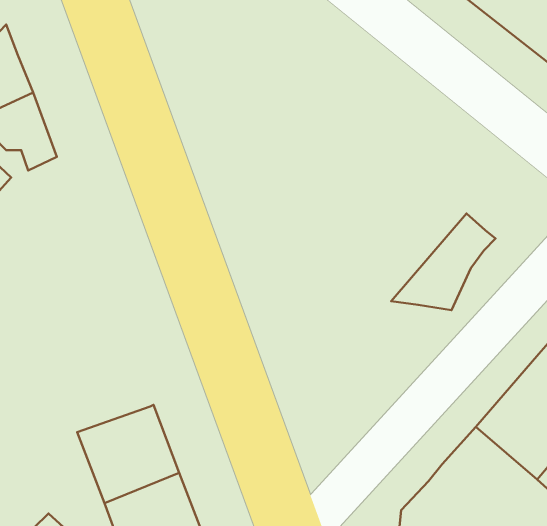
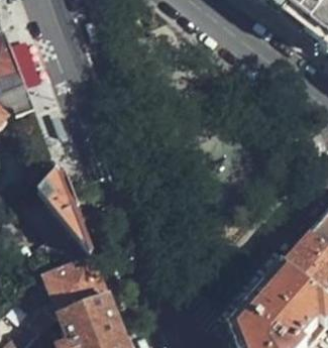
building: [391,213,495,310] -> none
building: none -> [37,166,92,255]

